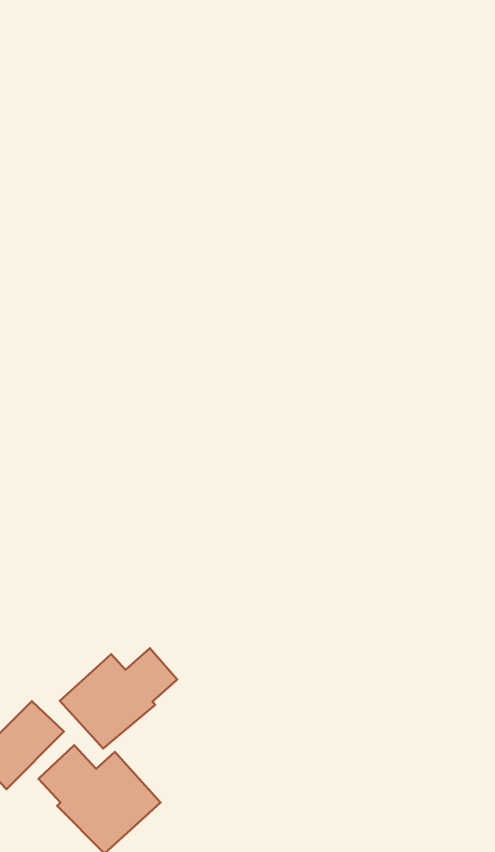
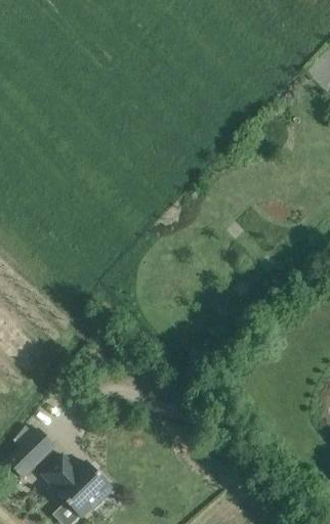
building: [60,648,177,748] -> none

